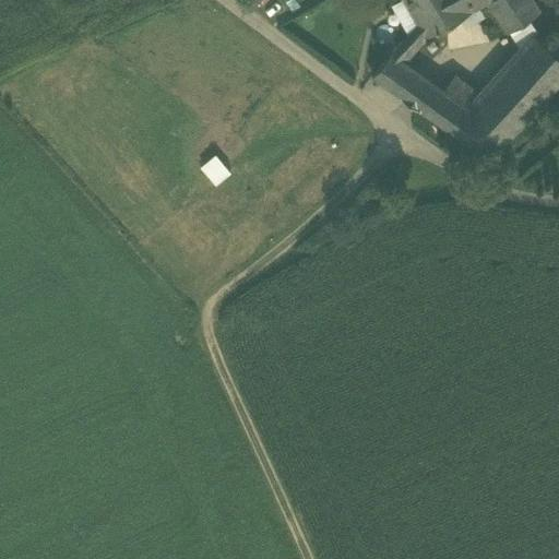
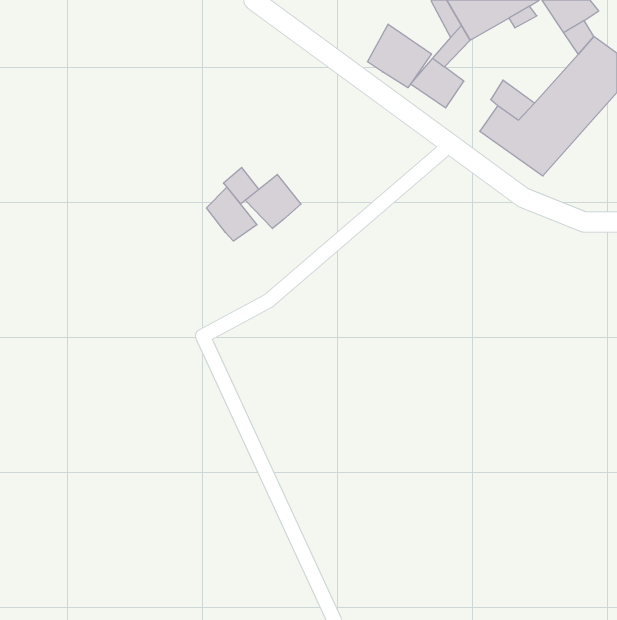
building: none -> [367,24,431,88]
building: [401,73,448,118] -> none
building: none -> [245,174,301,229]
building: none -> [207,187,257,241]

